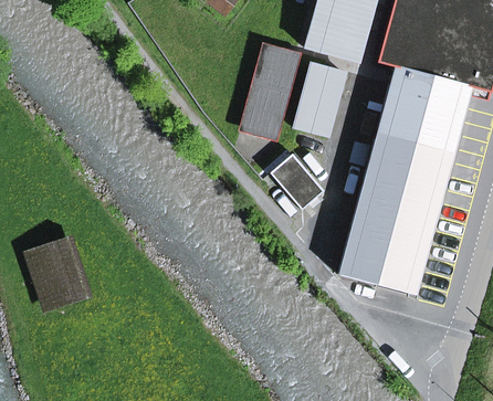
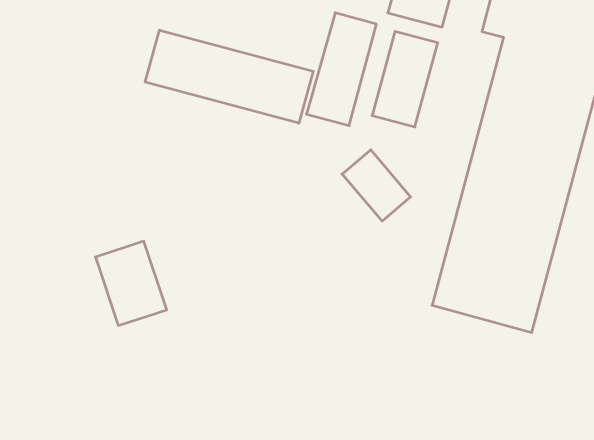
building: none -> [145,30,313,123]
building: [30,241,85,306] -> [95,241,167,325]

